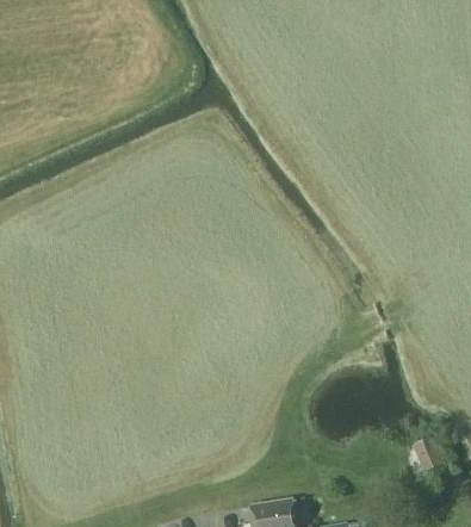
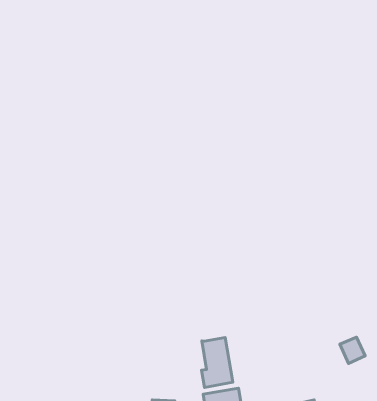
building: none -> [201,338,233,387]

